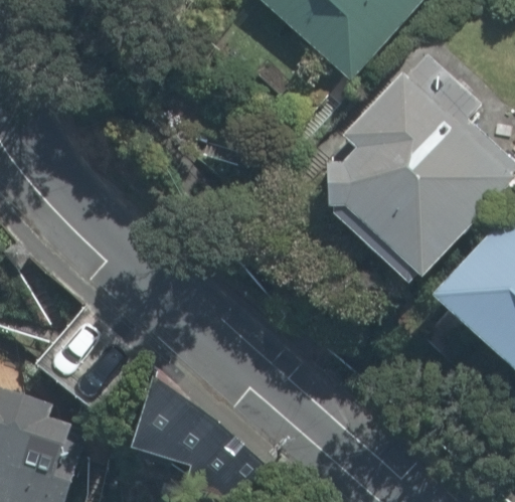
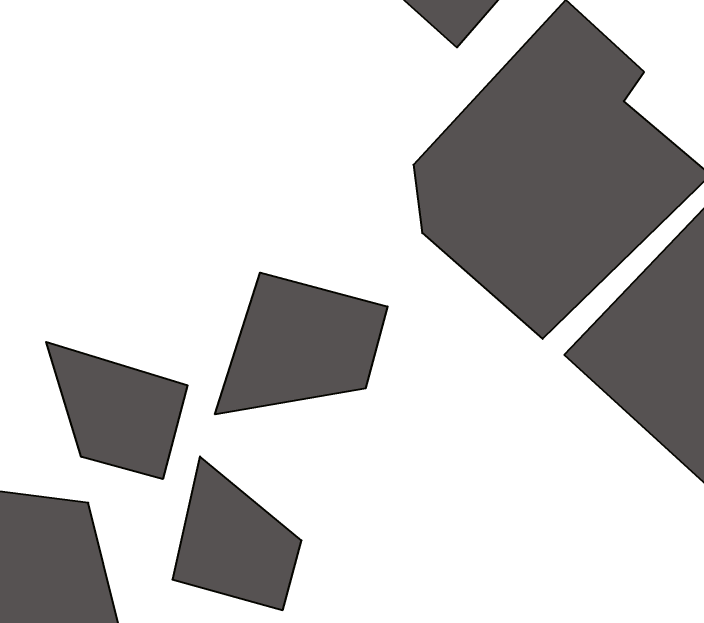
building: none -> [215,273,388,414]
building: none -> [46,342,188,479]

